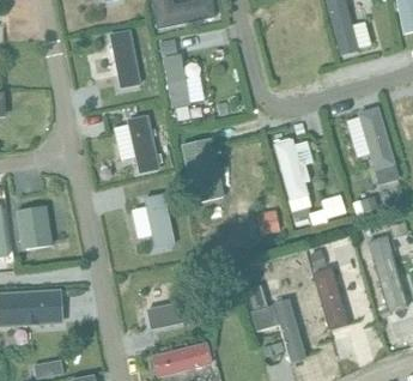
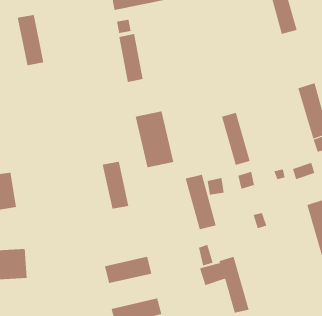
building: [109,31,139,87] -> [17,14,44,66]
building: [127,115,158,173] -> none
building: [312,268,347,329] -> [185,174,217,230]

